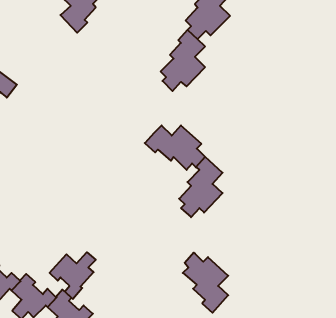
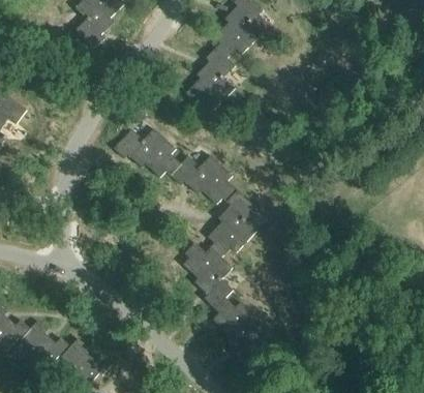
building: none -> [113,127,179,177]
building: none -> [182,241,232,307]
building: [50,252,96,299] -> none

